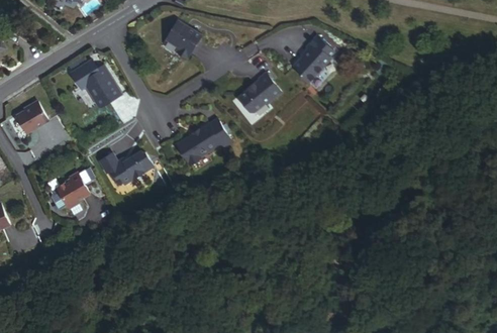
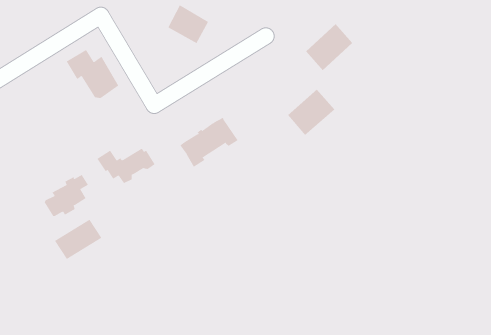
building: [237,70,282,113] -> [287,89,335,136]
building: [12,101,44,133] -> none
building: none -> [54,219,102,260]

